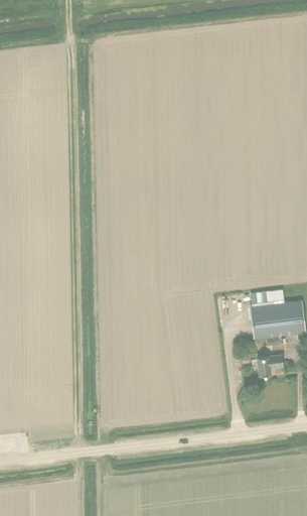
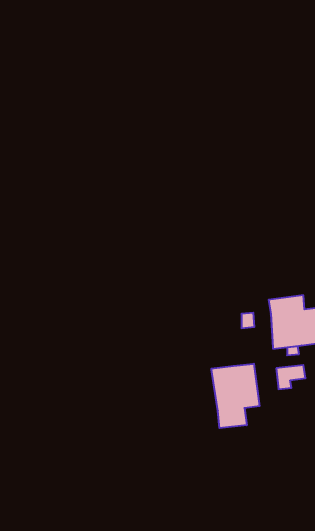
building: none -> [211,364,260,428]

